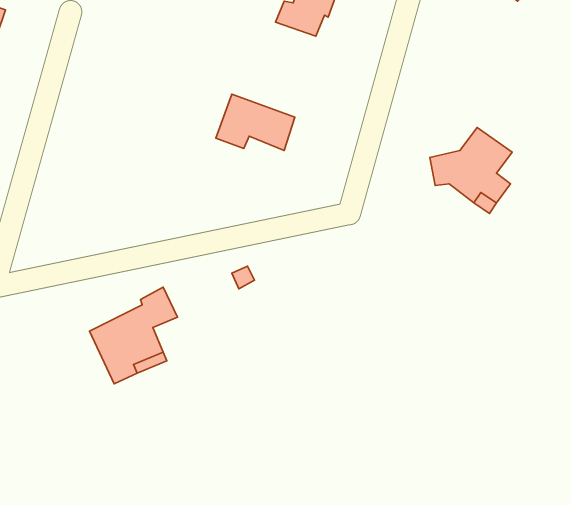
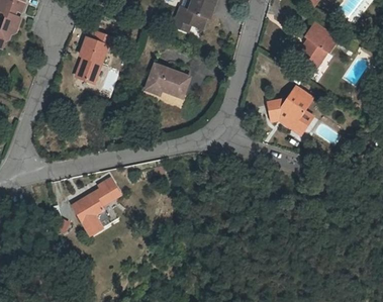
building: none -> [294,18,336,65]
building: none -> [76,32,114,82]

